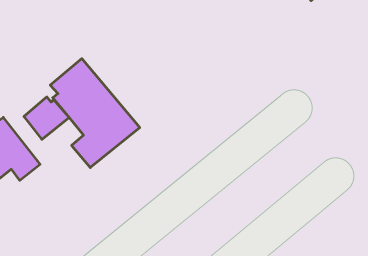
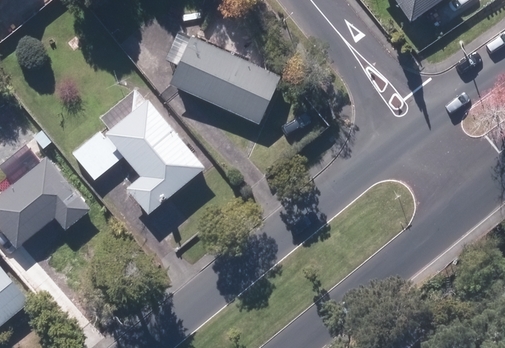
building: none -> [165,29,281,125]

